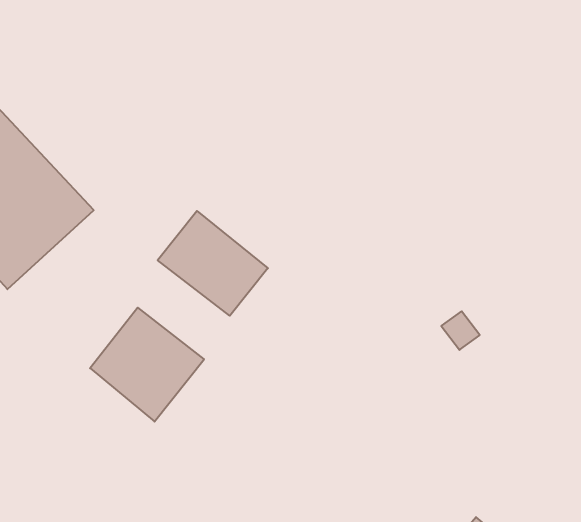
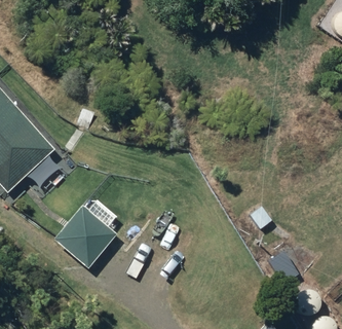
building: [158,211,268,316] -> none

